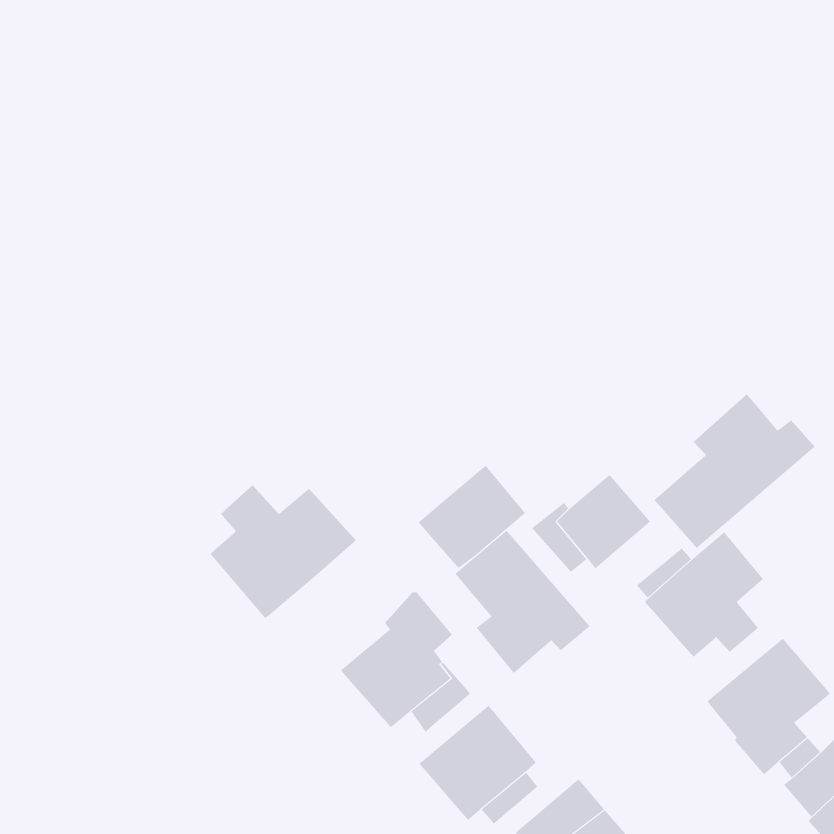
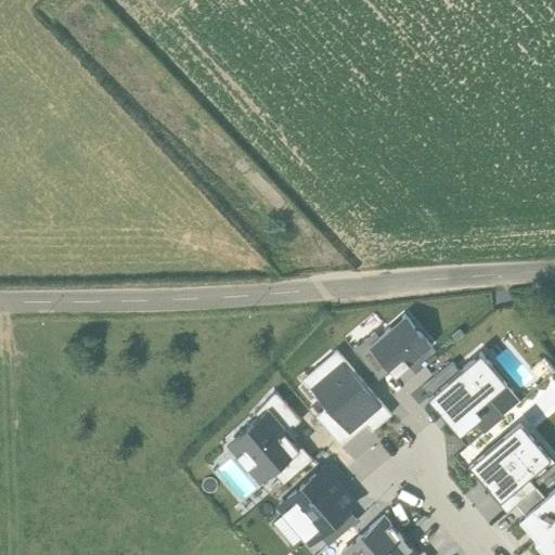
building: [654,394,815,549] -> none
building: [418,465,526,569] -> none
building: [209,485,357,619] -> none

